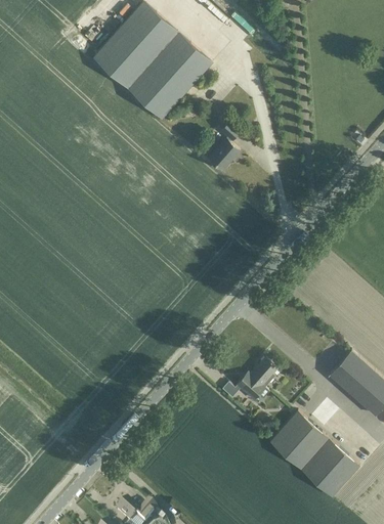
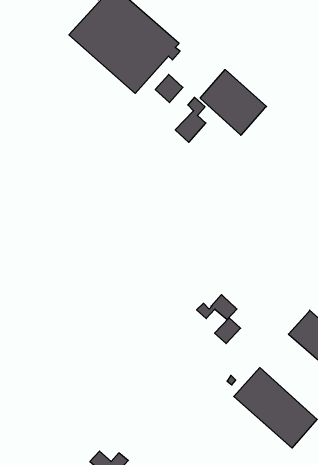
building: none -> [200,70,267,135]
building: none -> [155,74,183,103]
building: [220,373,263,399] -> [197,295,237,320]

